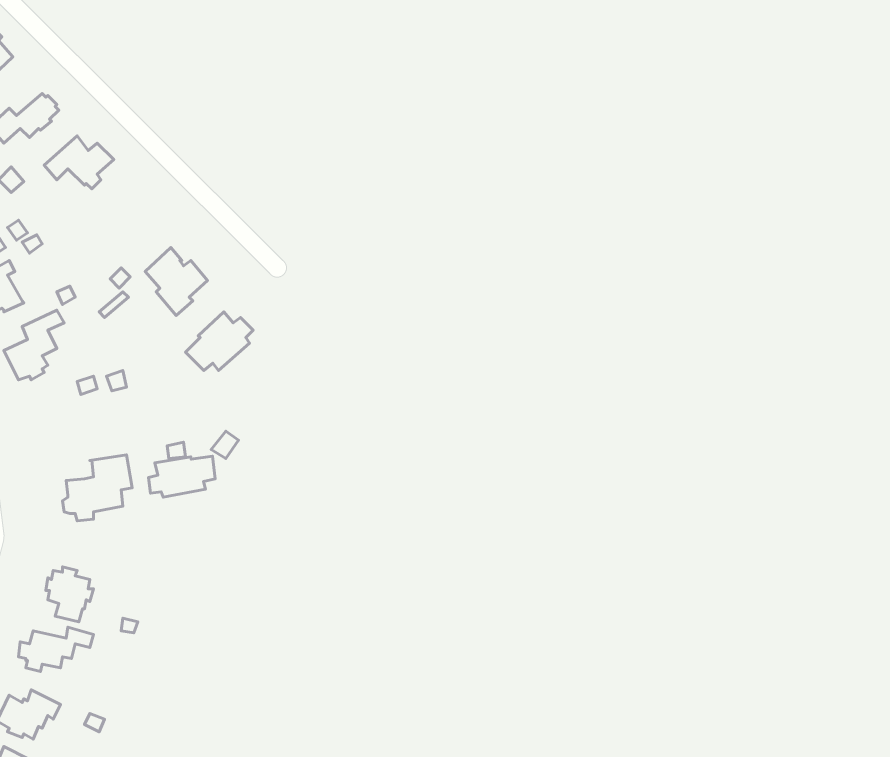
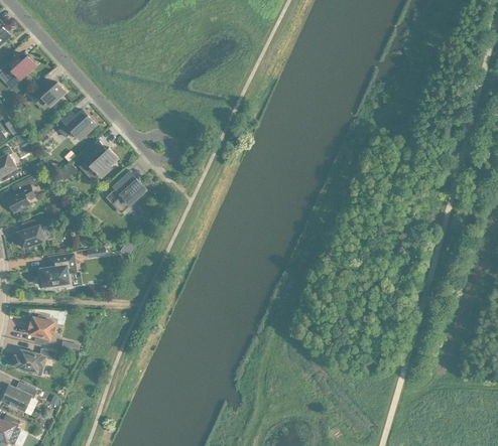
building: none -> [58,110,95,140]
building: none -> [16,216,44,248]
building: [149,456,215,497] -> none

